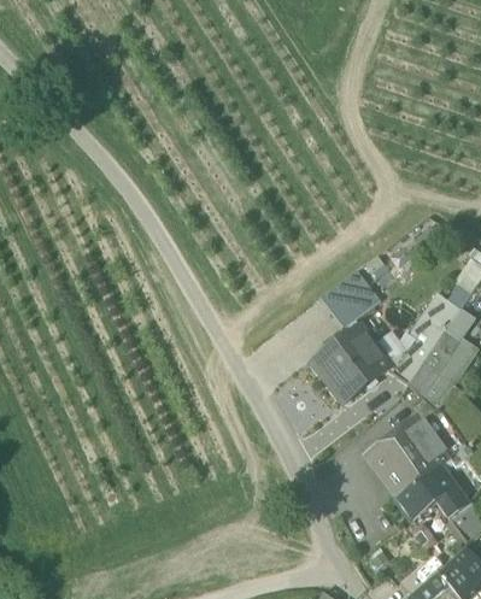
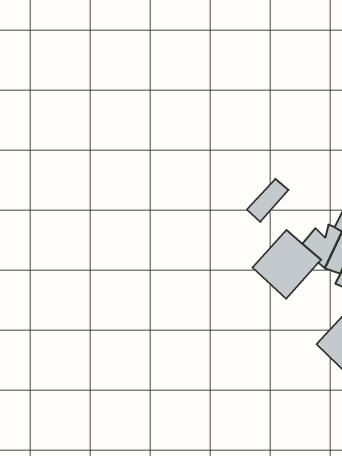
building: [333,284,381,328] -> none

